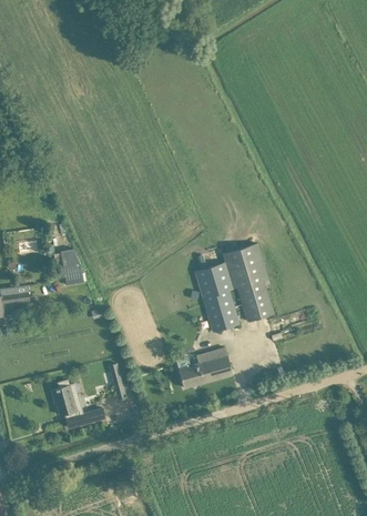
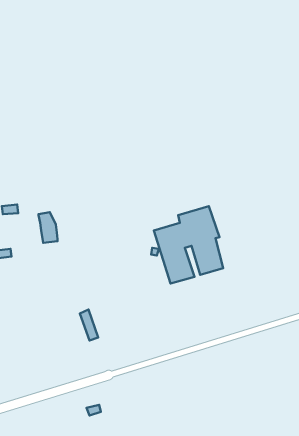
building: [179,346,233,387] -> none
building: [52,378,105,426] -> none

